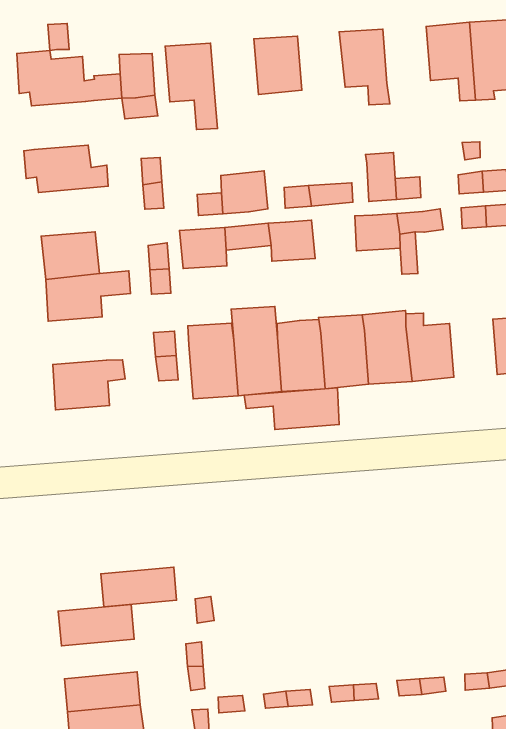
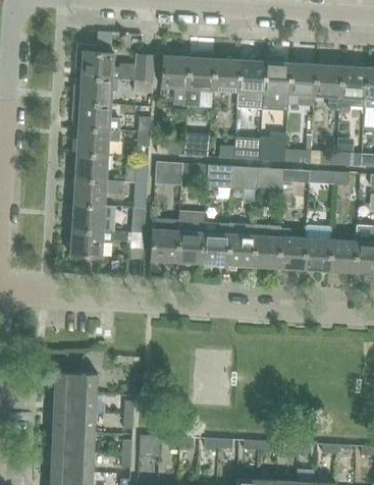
building: none -> [288,62,316,106]
building: none -> [186,50,215,108]
building: none -> [237,59,265,109]
building: none -> [72,77,117,105]
building: none -> [75,128,118,156]
building: none -> [232,167,259,191]
building: none -> [303,224,331,272]
building: none -> [71,204,104,231]
building: [244,388,339,430] -> none
building: [101,567,177,607] -> [52,393,96,415]

